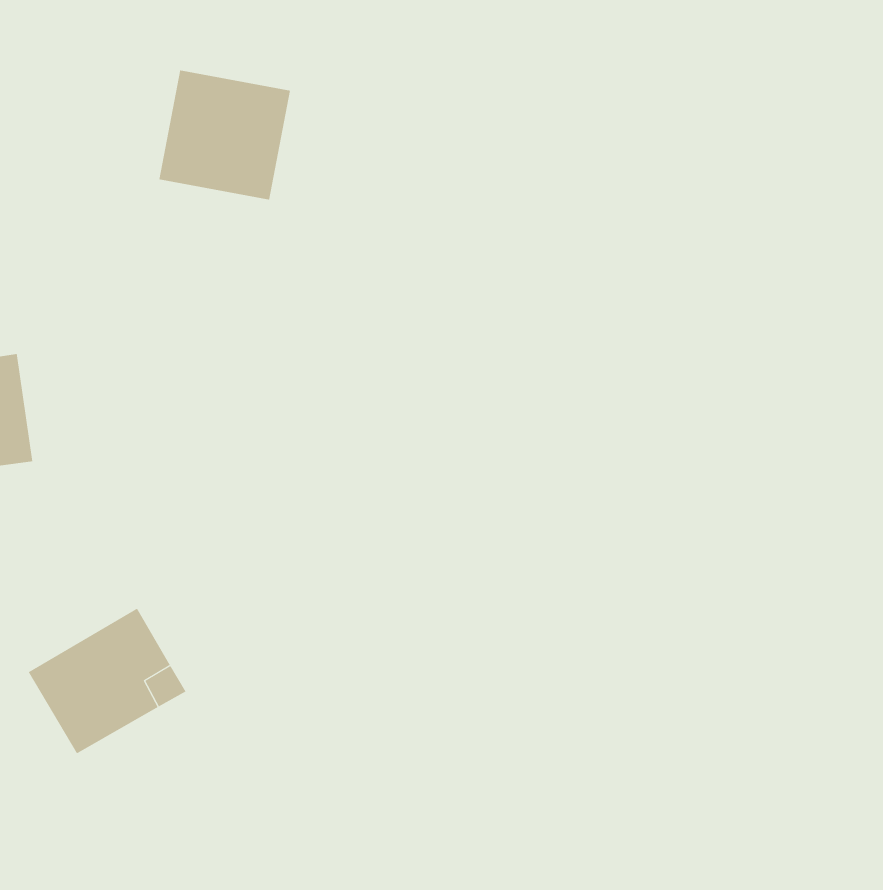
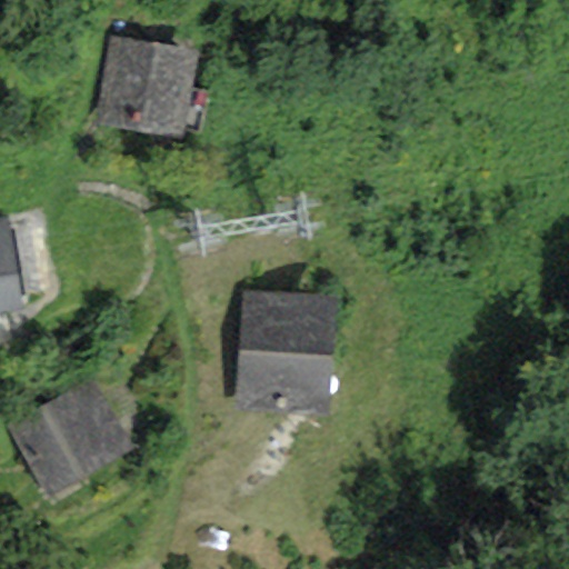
building: none -> [247,306,315,402]

